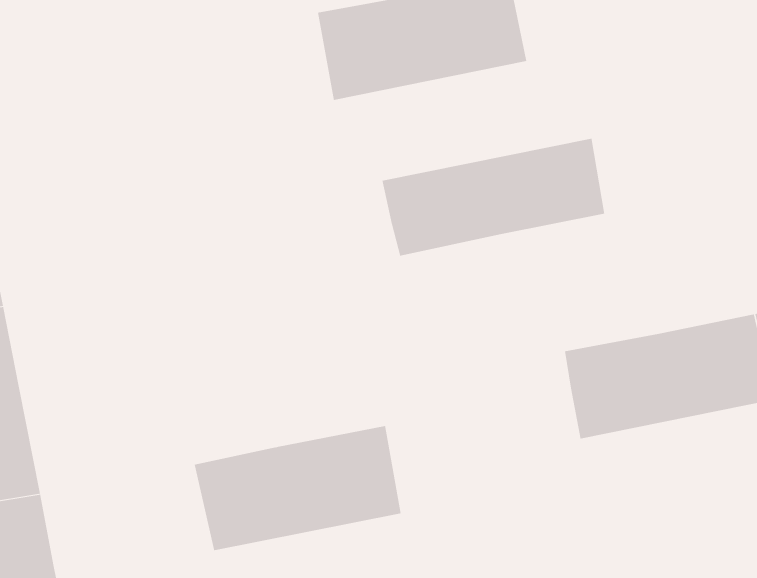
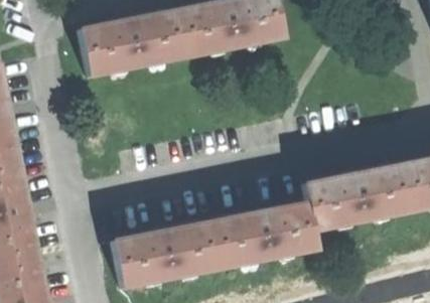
building: none -> [81,9,186,73]
building: [382,138,605,257] -> none
building: none -> [213,202,317,267]

